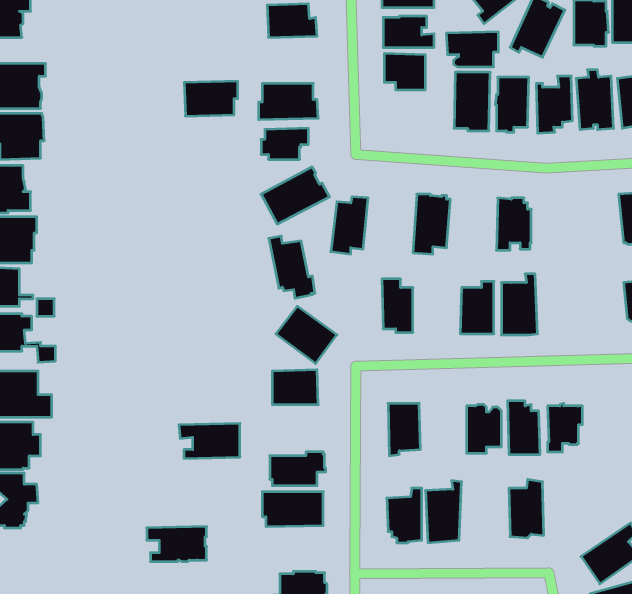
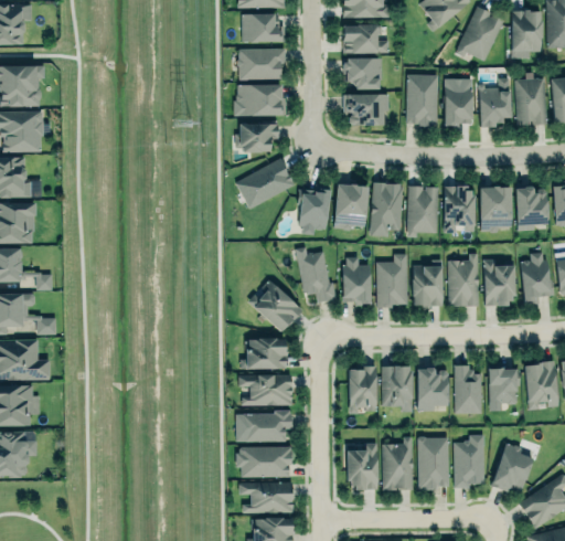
building: [446,32,498,67] -> [342,93,388,124]
building: [184,81,238,116] -> [237,49,285,79]
building: none -> [333,183,367,230]
building: none -> [514,183,548,231]
building: none -> [407,187,439,237]
building: none -> [479,187,511,230]
building: [269,236,315,298] -> [295,246,335,301]
building: none -> [520,253,553,305]
building: none -> [376,254,407,308]
building: none -> [483,259,514,306]
building: none -> [524,361,558,410]
building: none -> [382,365,412,411]
building: [179,423,240,458] -> [237,374,291,405]
building: none -> [417,437,449,489]
building: none -> [491,444,533,492]
building: [147,527,207,561] -> [239,481,292,512]

